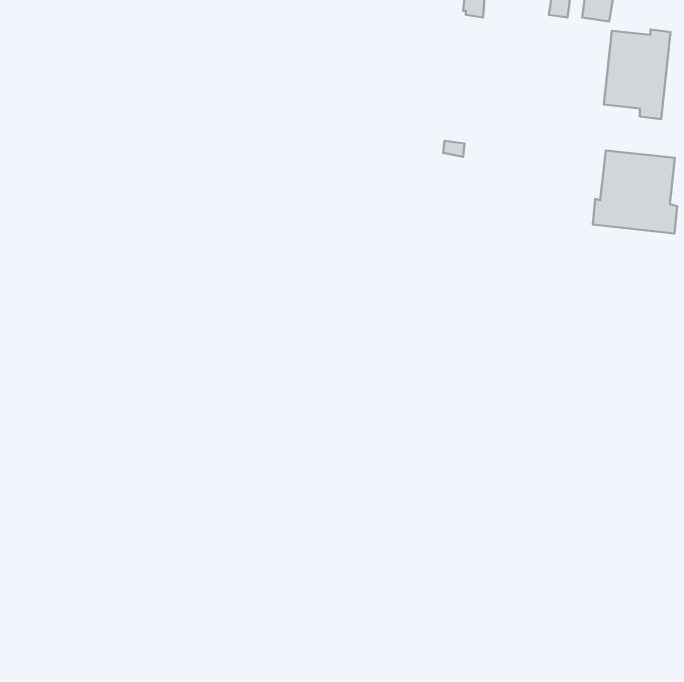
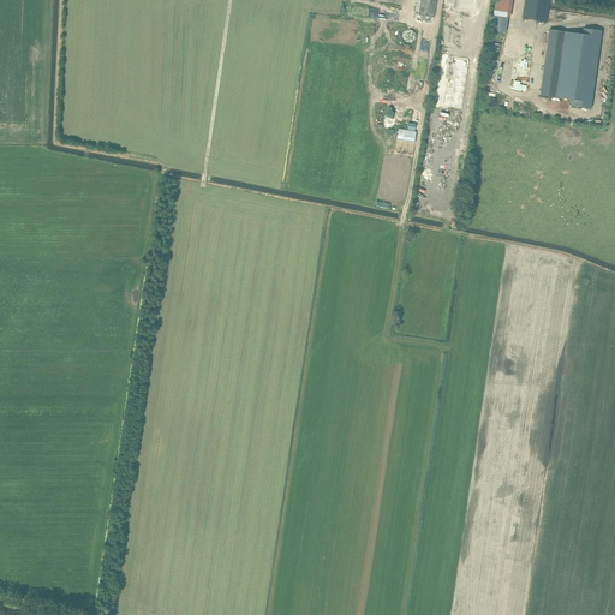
building: [593,150,677,234] -> none

